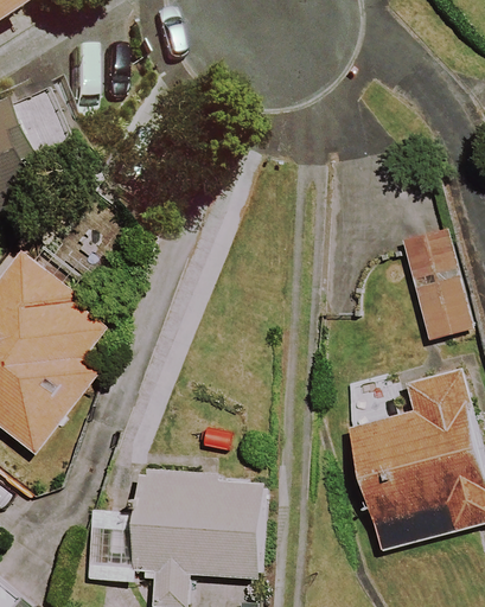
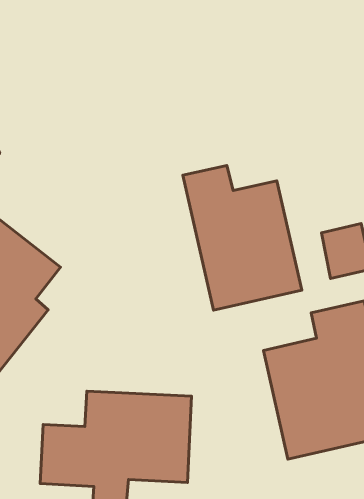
building: none -> [183,165,302,310]

